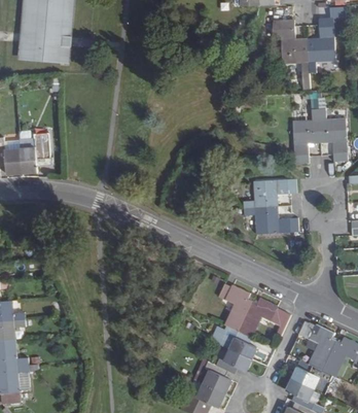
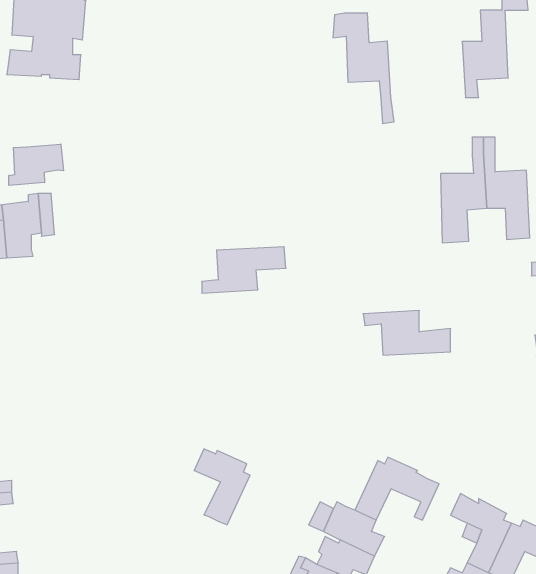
building: [272,21,310,90] -> [333,13,394,124]
building: none -> [9,144,63,185]
building: [244,179,296,208] -> [202,247,286,293]
building: [218,283,253,331] -> [194,449,250,525]

